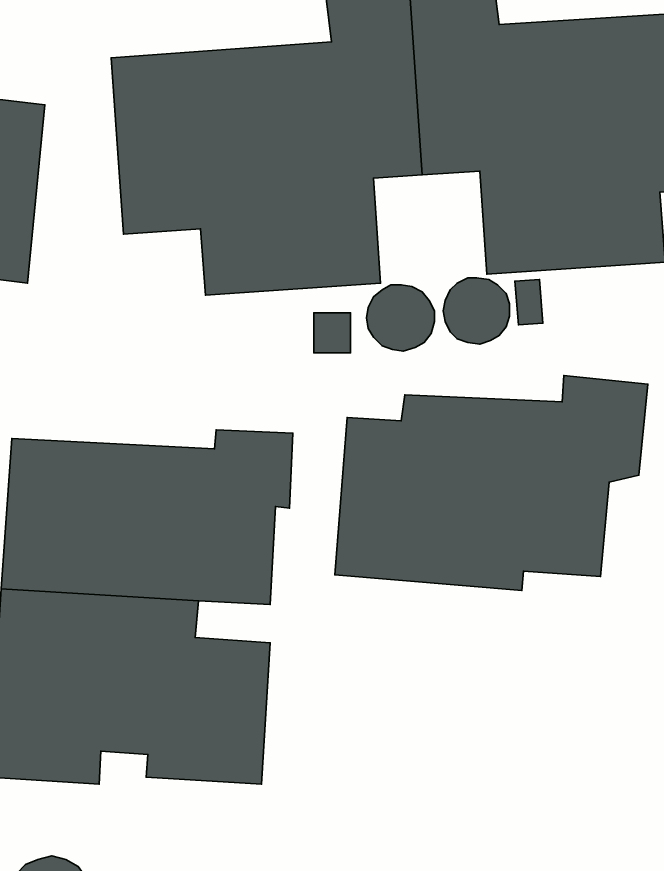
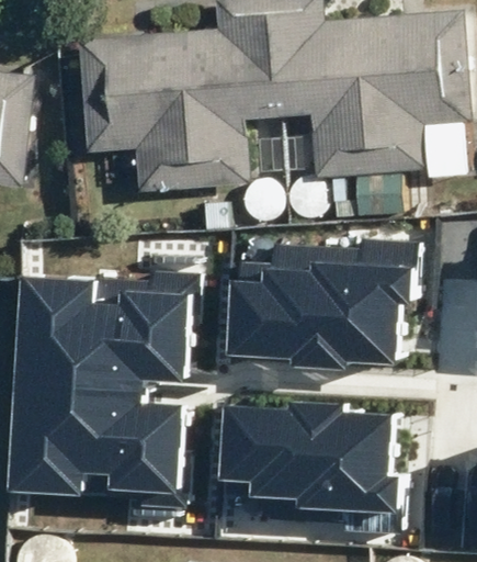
building: none -> [216,404,401,520]

